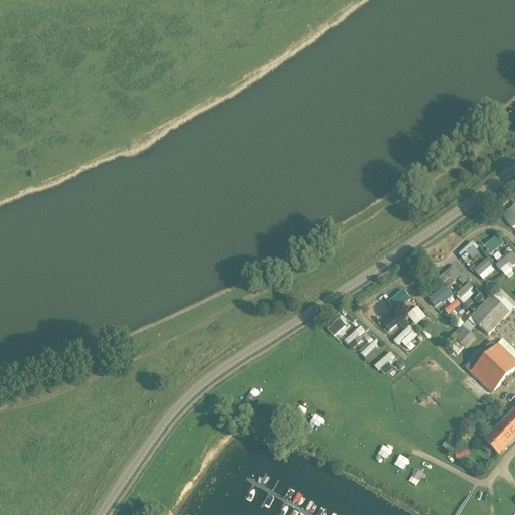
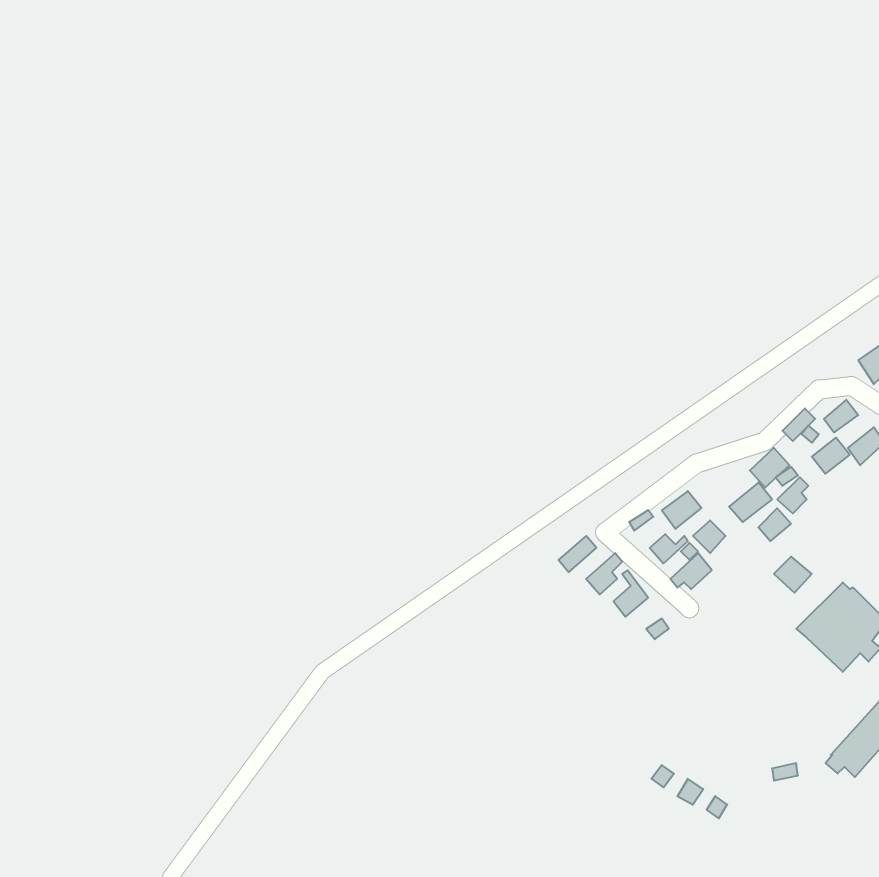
building: [469,294,510,333] -> none

